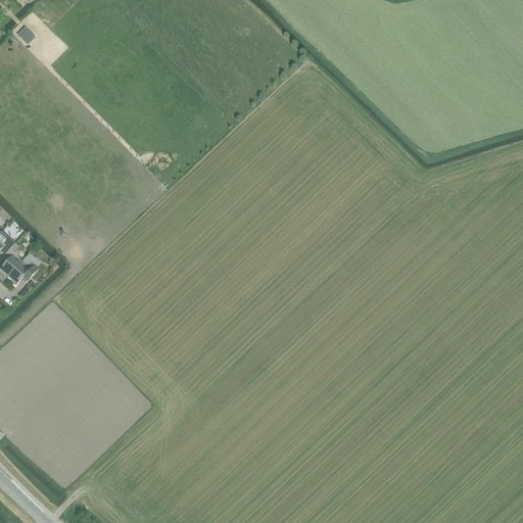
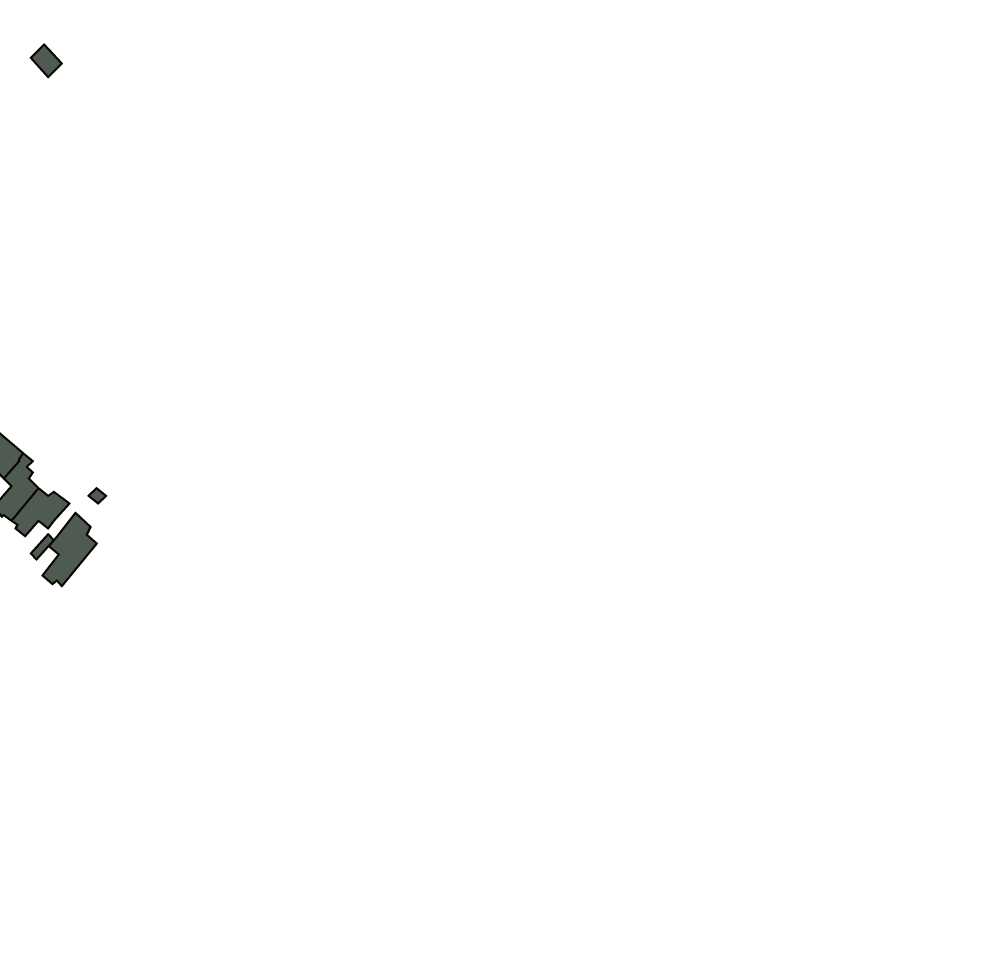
building: none -> [42,513,97,586]

